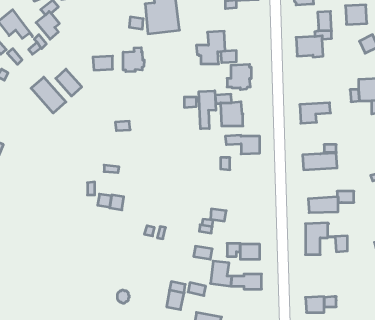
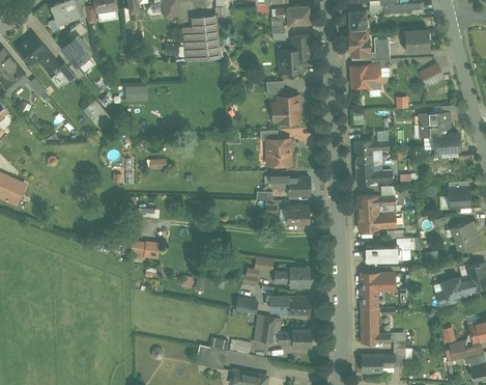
building: none -> [349,29,369,55]
building: [196,31,225,64] -> [279,35,311,72]
building: [123,48,144,72] -> none
building: [31,77,66,113] -> none
building: [199,91,216,129] -> none
building: none -> [355,161,393,183]
building: none -> [287,207,310,224]
building: none -> [359,212,397,230]
building: none -> [275,265,312,286]
building: none -> [361,308,390,342]

